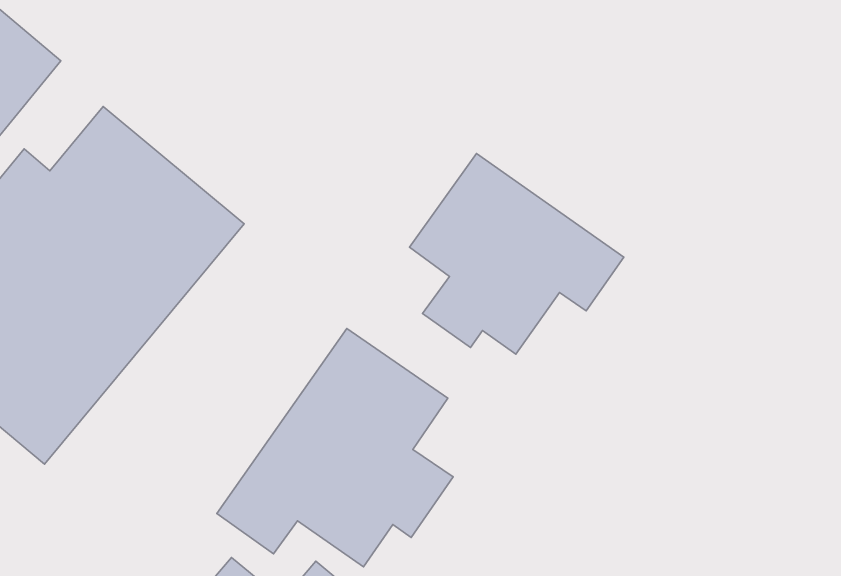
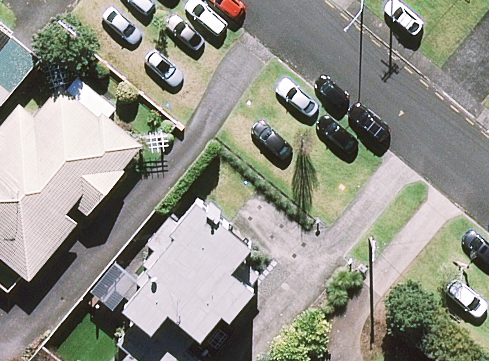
building: [410,154,624,354] -> none

